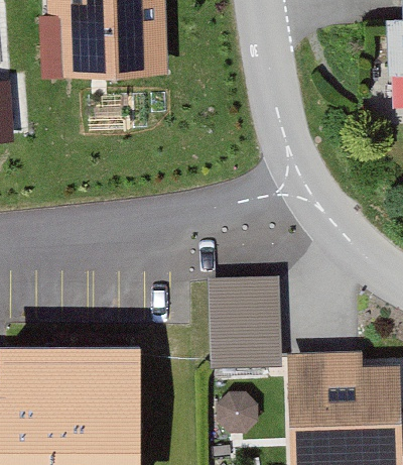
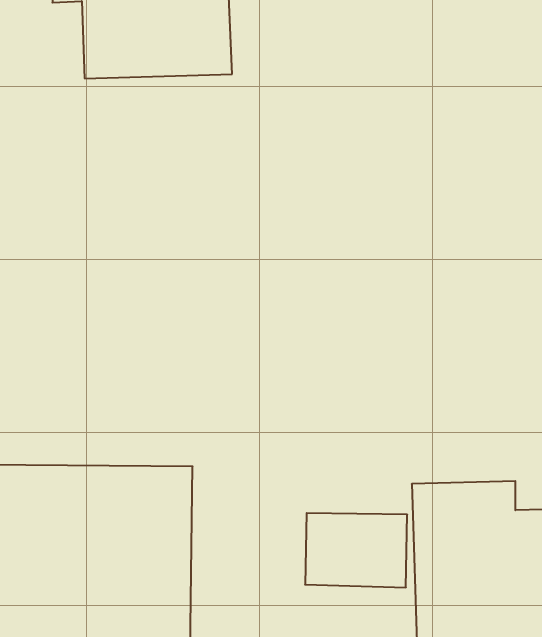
building: [205,283,277,375] -> none

